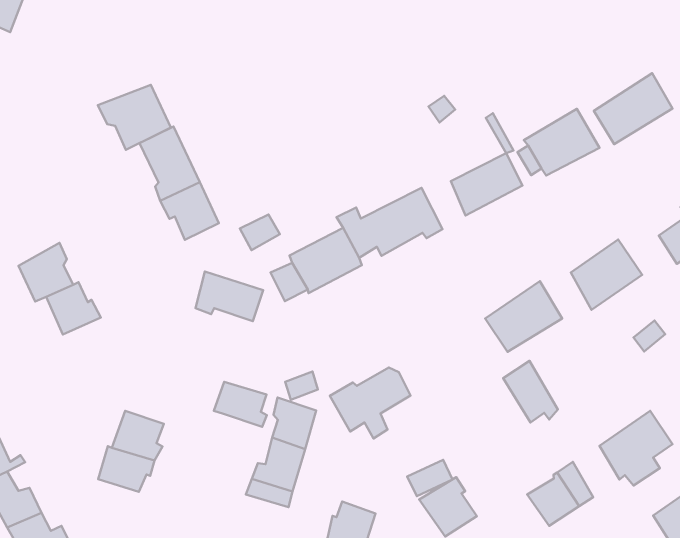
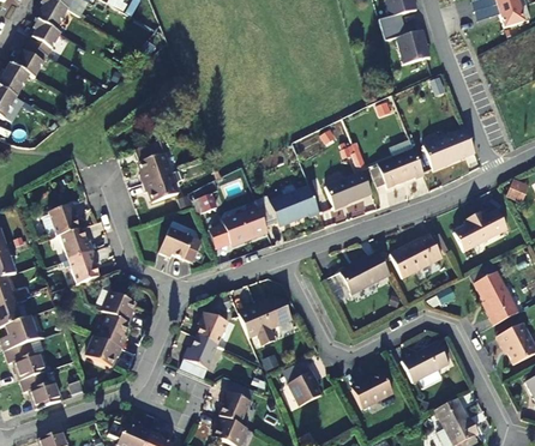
building: [98,85,171,150] -> none
building: none -> [70,249,98,281]
building: [503,361,558,423] -> none
building: [214,382,267,427] -> [98,290,133,321]

